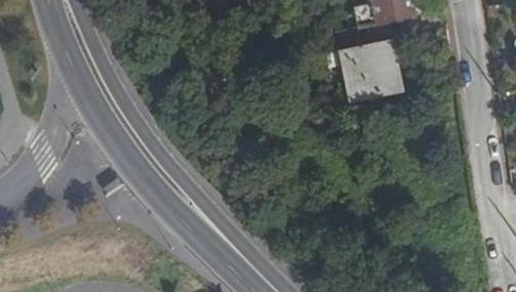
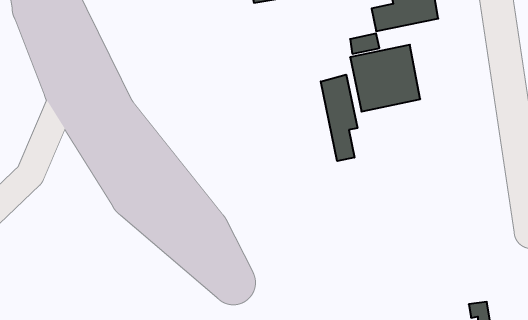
building: none -> [321,75,357,161]

